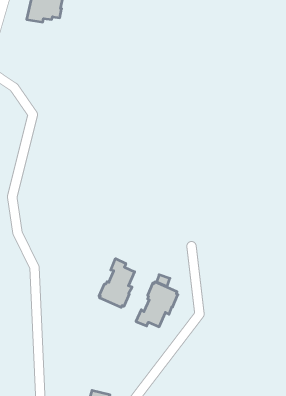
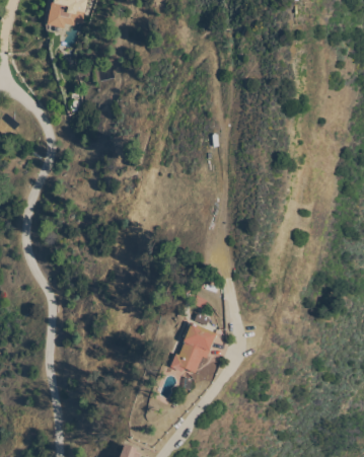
building: [99,259,135,307] -> none

